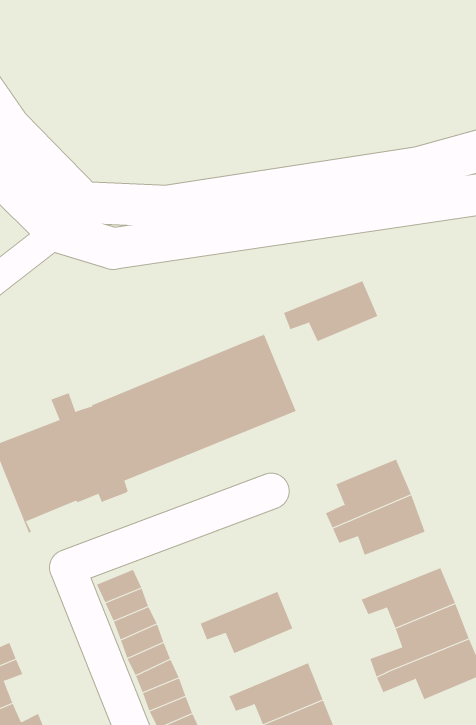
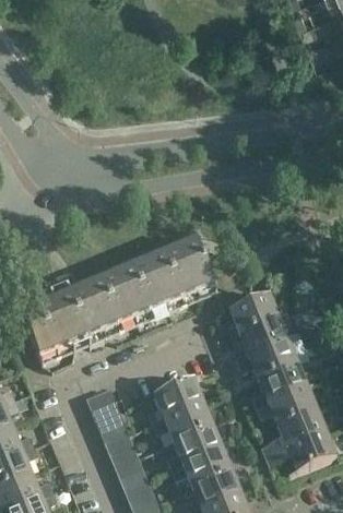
building: [283,281,378,342] -> [216,291,277,331]
building: none -> [250,361,306,405]
building: none -> [146,377,201,420]
building: none -> [165,423,221,467]

